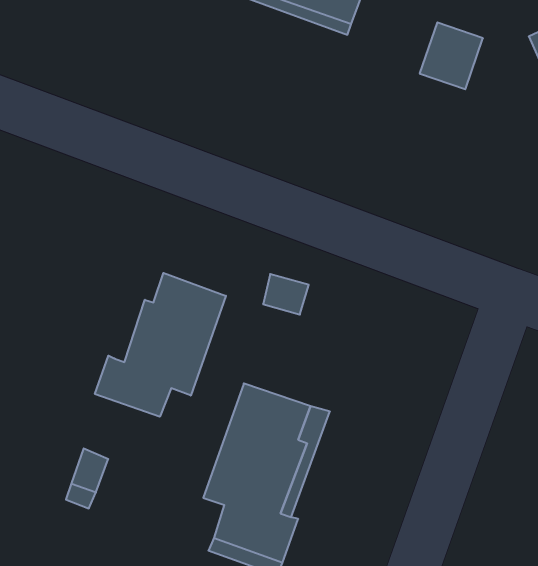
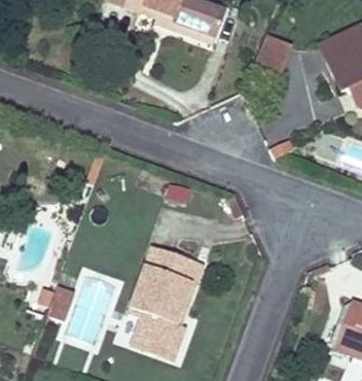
building: [95,273,226,417] -> none

